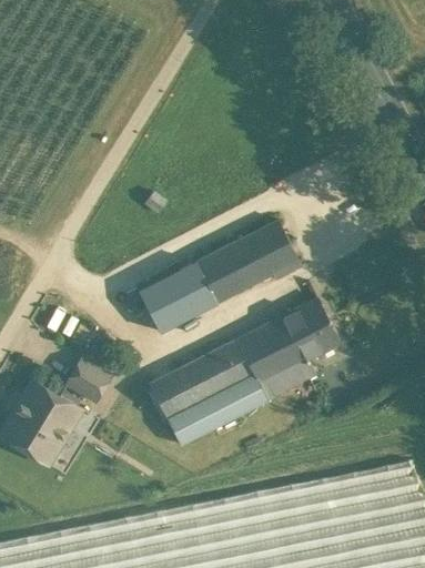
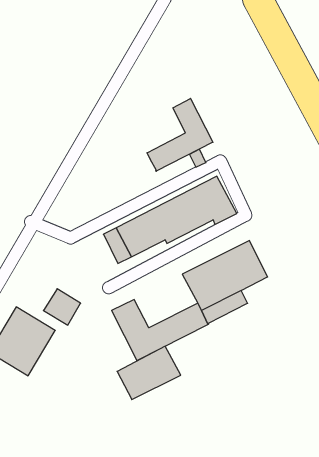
building: none -> [147,98,213,171]
building: [178,341,255,406] -> [117,346,181,400]

